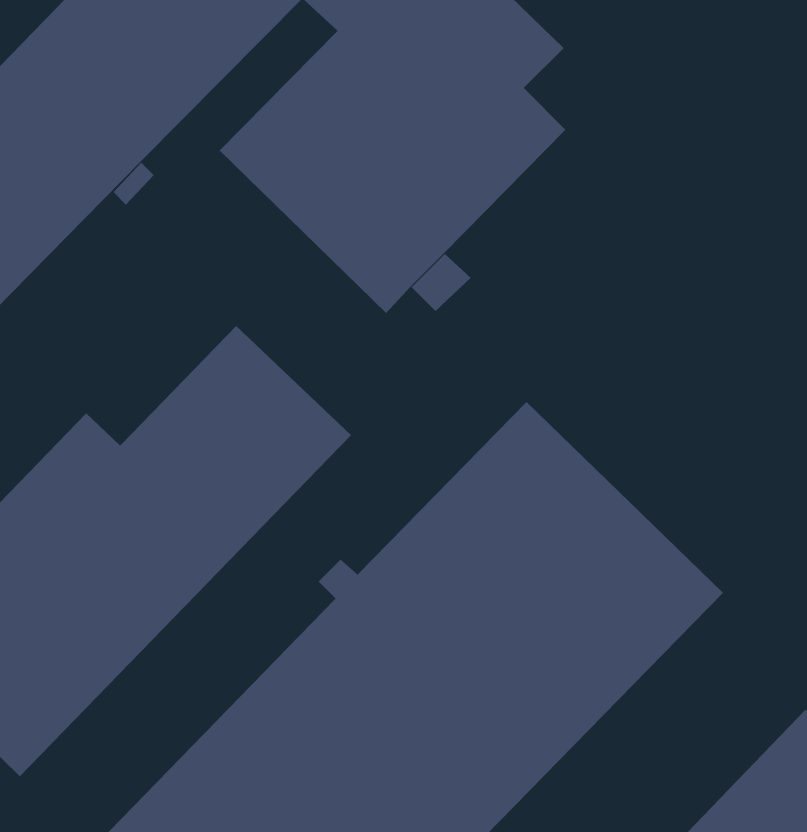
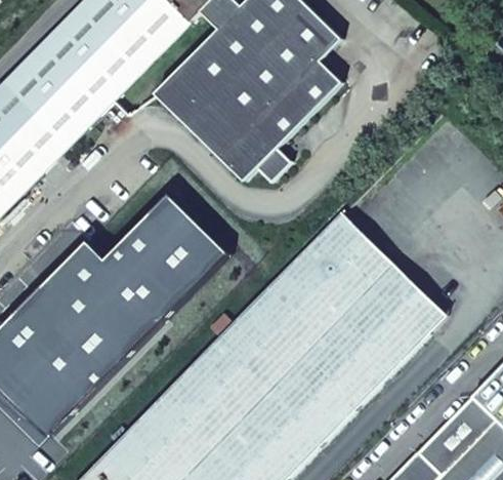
building: none -> [322,212,446,334]

